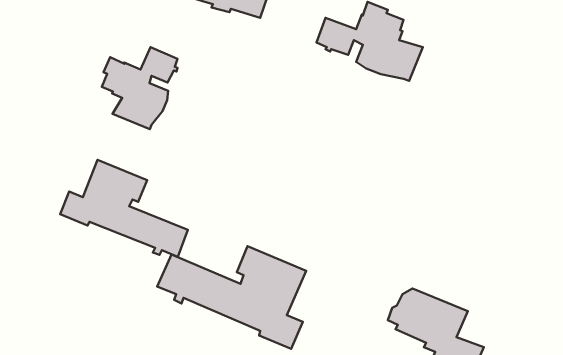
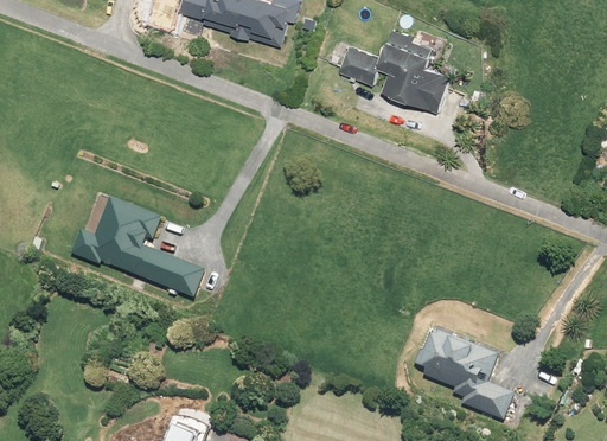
building: [102,47,177,129] -> none
building: [157,246,306,349] -> none

